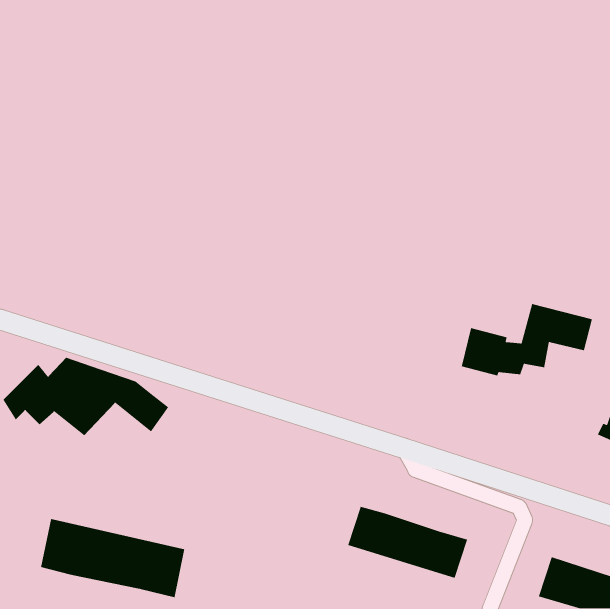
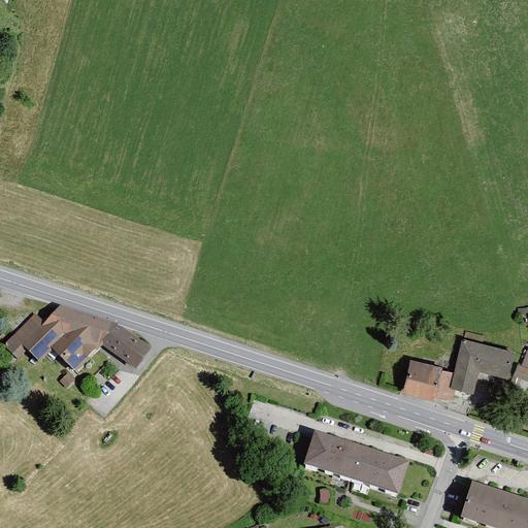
building: [461,303,593,376] -> [402,337,516,400]
building: [40,518,185,598] -> none

